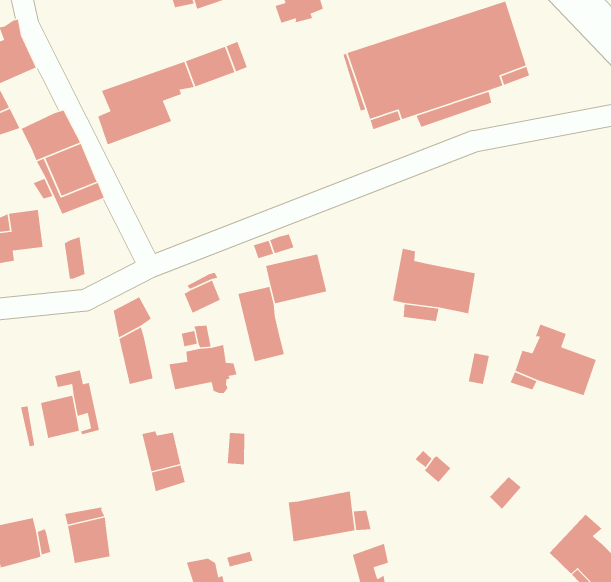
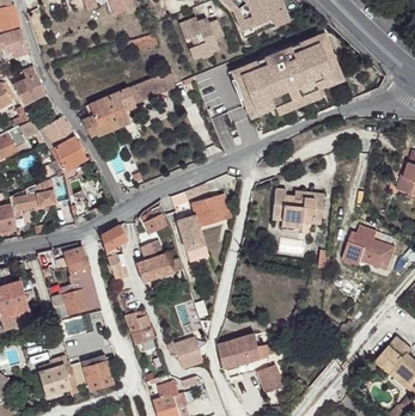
building: none -> [62,246,89,279]
building: none -> [166,335,201,368]

